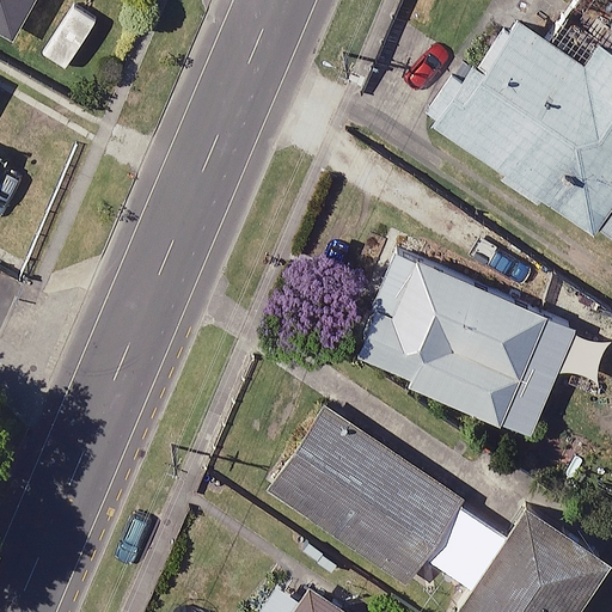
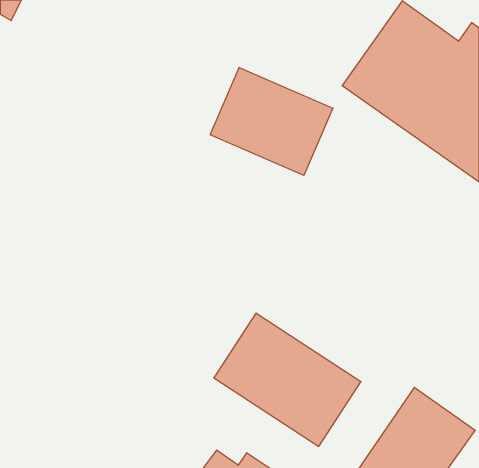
building: none -> [210,67,333,175]
building: [353,252,577,436] -> none

